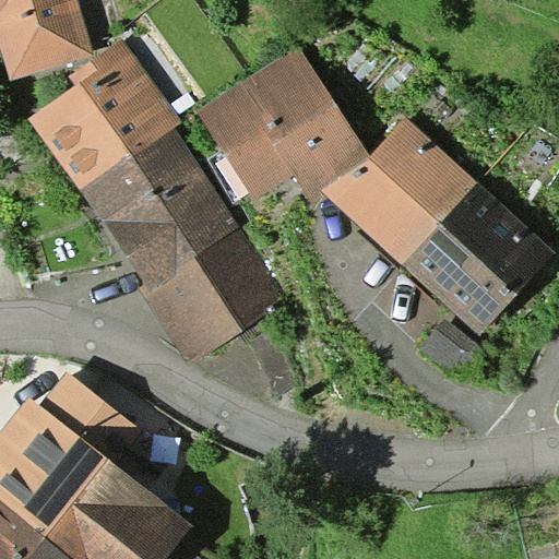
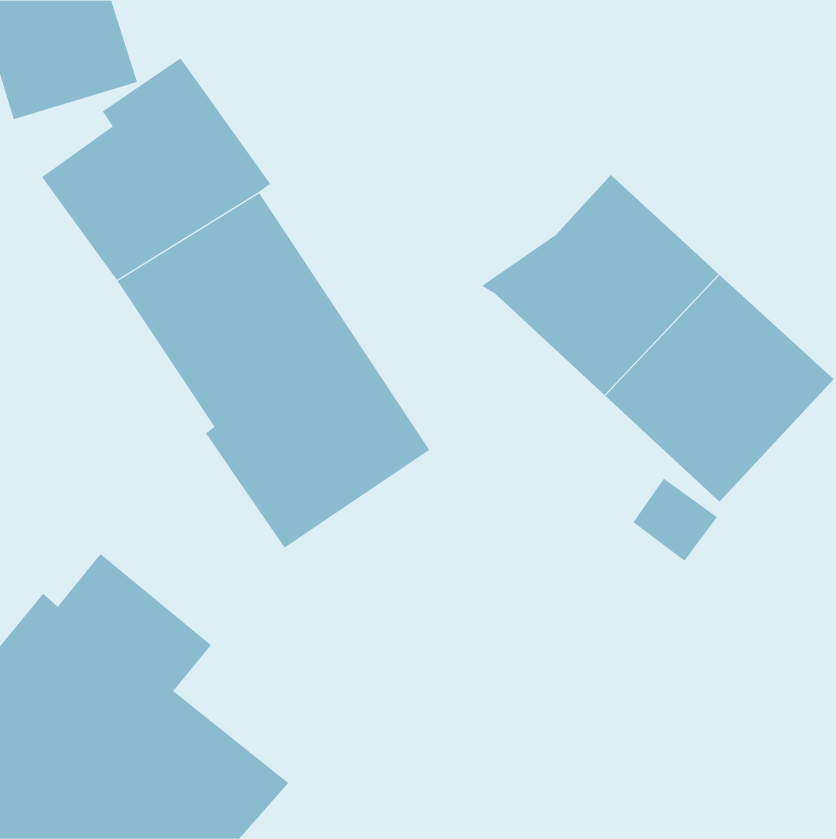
building: [195,49,369,206] -> none

